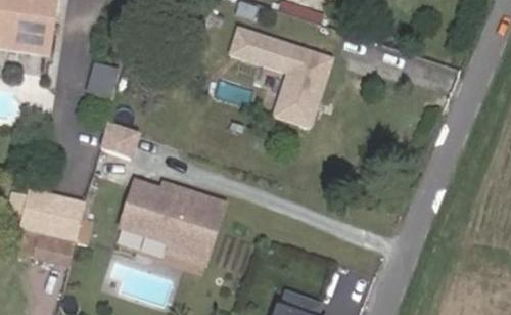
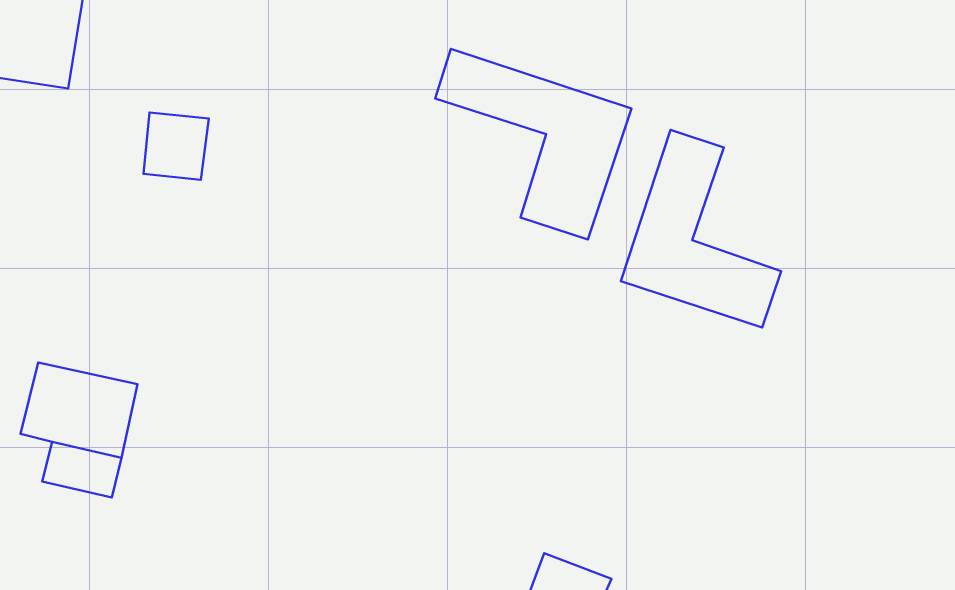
building: none -> [621,130,781,327]
building: [98,122,135,155] -> none
building: [119,184,222,264] -> none

